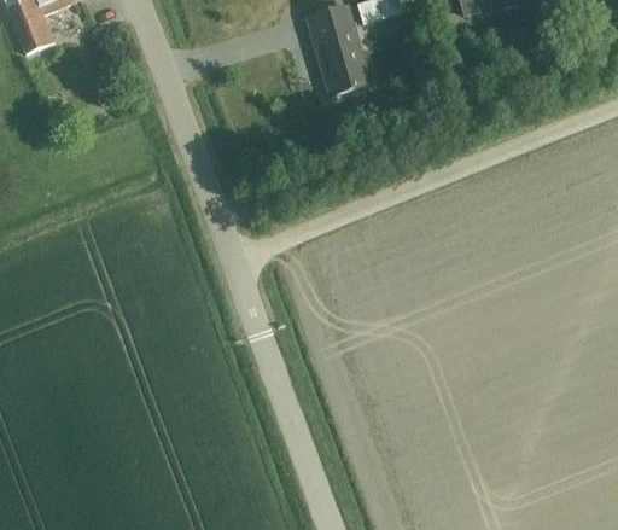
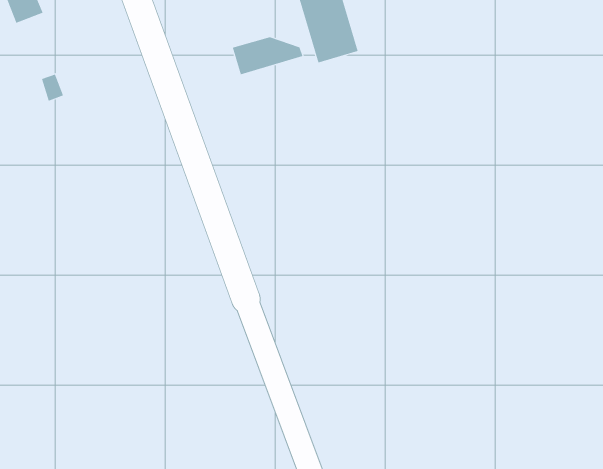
building: none -> [232,36,303,75]

